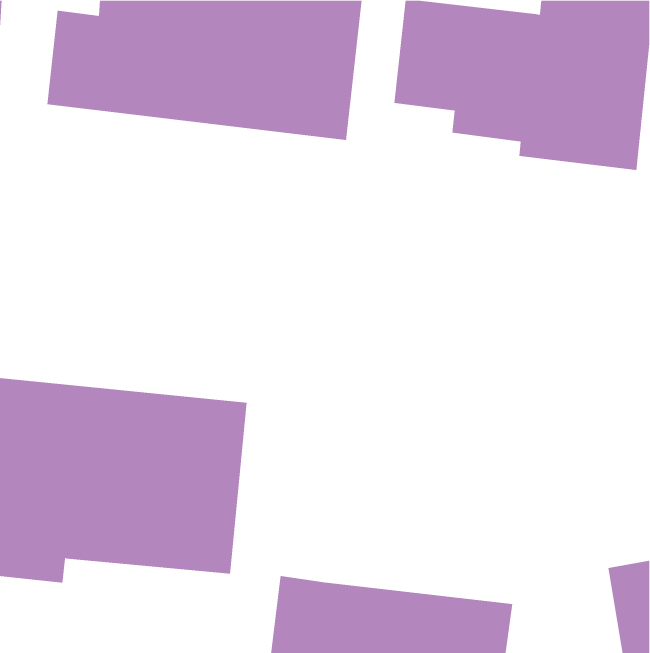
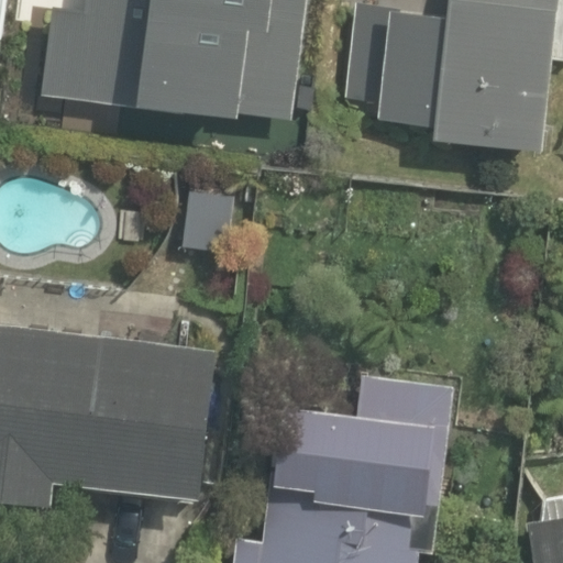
building: none -> [277,380,453,520]

